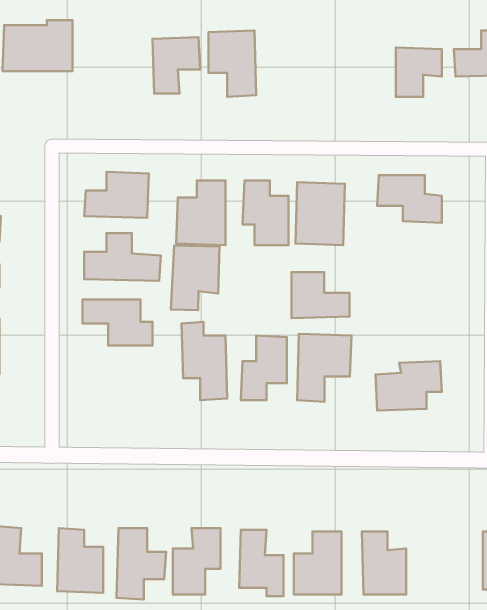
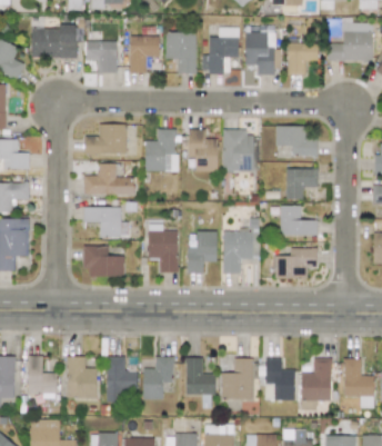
building: none -> [202,27,239,73]
building: none -> [244,31,275,75]
building: none -> [86,41,117,72]
building: none -> [285,168,318,199]
building: [171,246,219,310] -> none
building: [292,272,350,318] -> [280,206,318,236]
building: none -> [84,246,124,277]
building: none -> [301,358,332,400]

